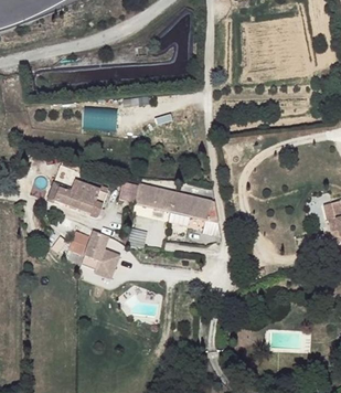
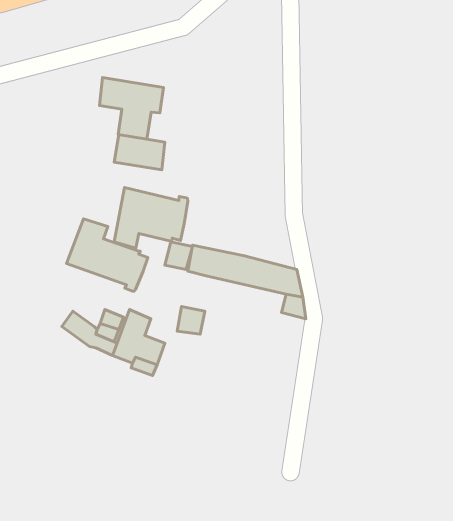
building: none -> [100,78,164,139]
building: none -> [114,188,188,248]

